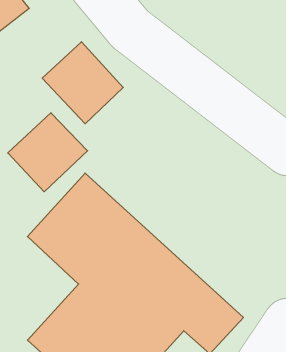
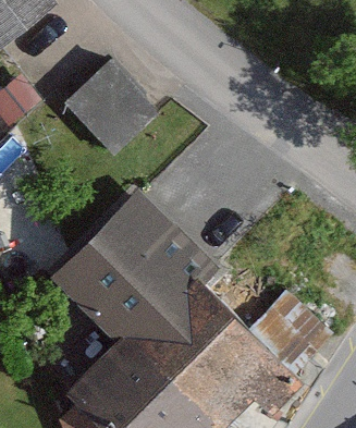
building: [8,113,88,192] -> none

